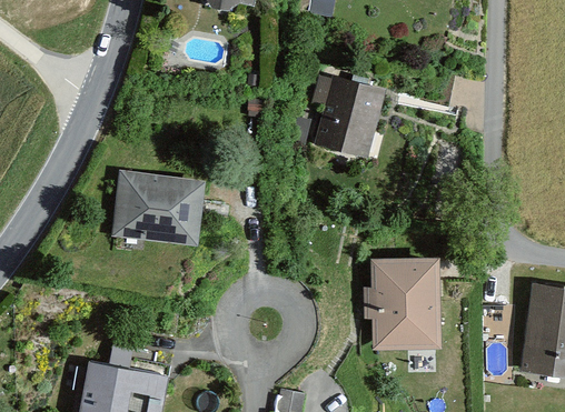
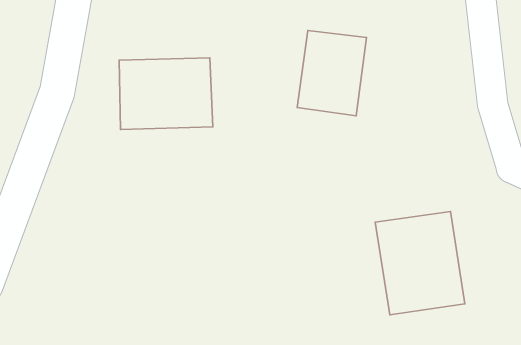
building: [113,174,206,249] -> [119,58,213,129]

